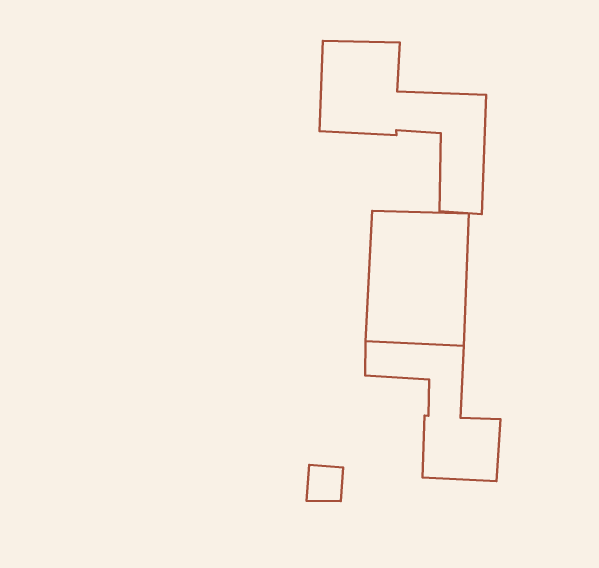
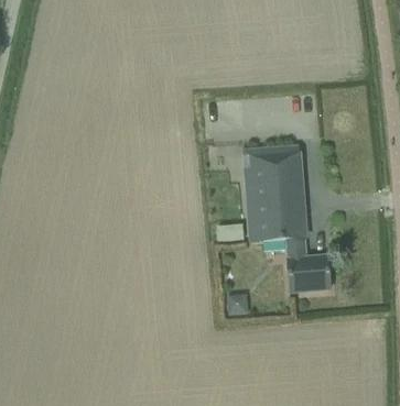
building: [320,41,486,214] -> none

